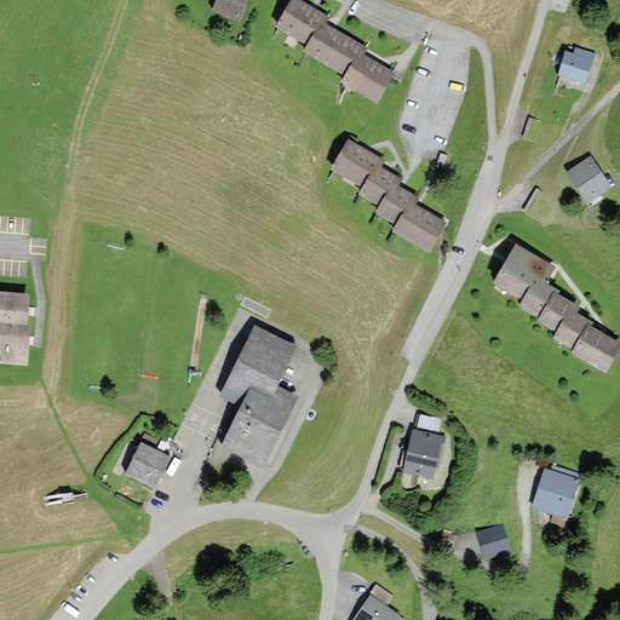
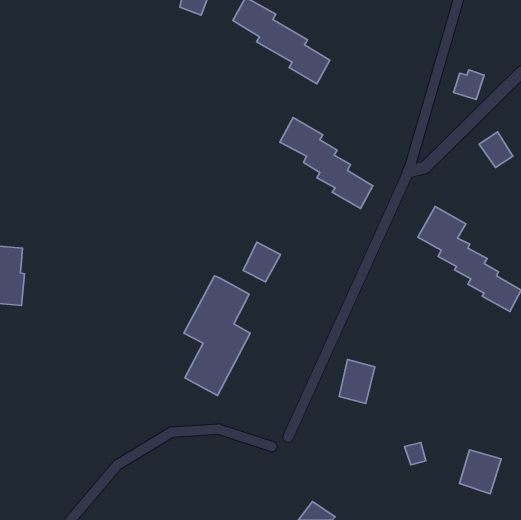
building: [557,46,593,81] -> [454,70,484,100]
building: none -> [243,242,281,282]
building: [126,442,168,486] -> none
building: [530,466,580,518] -> [459,450,501,494]

